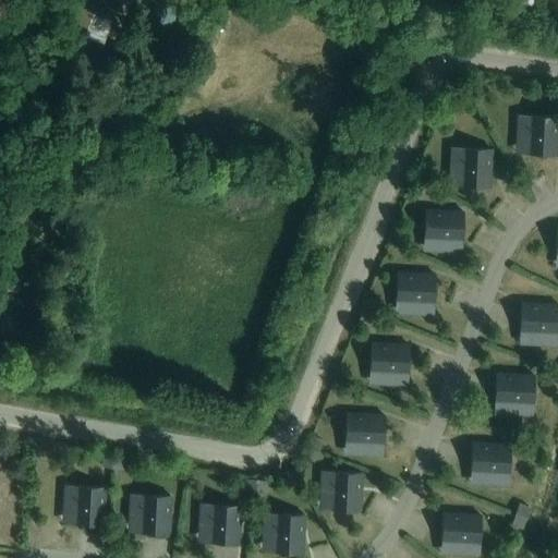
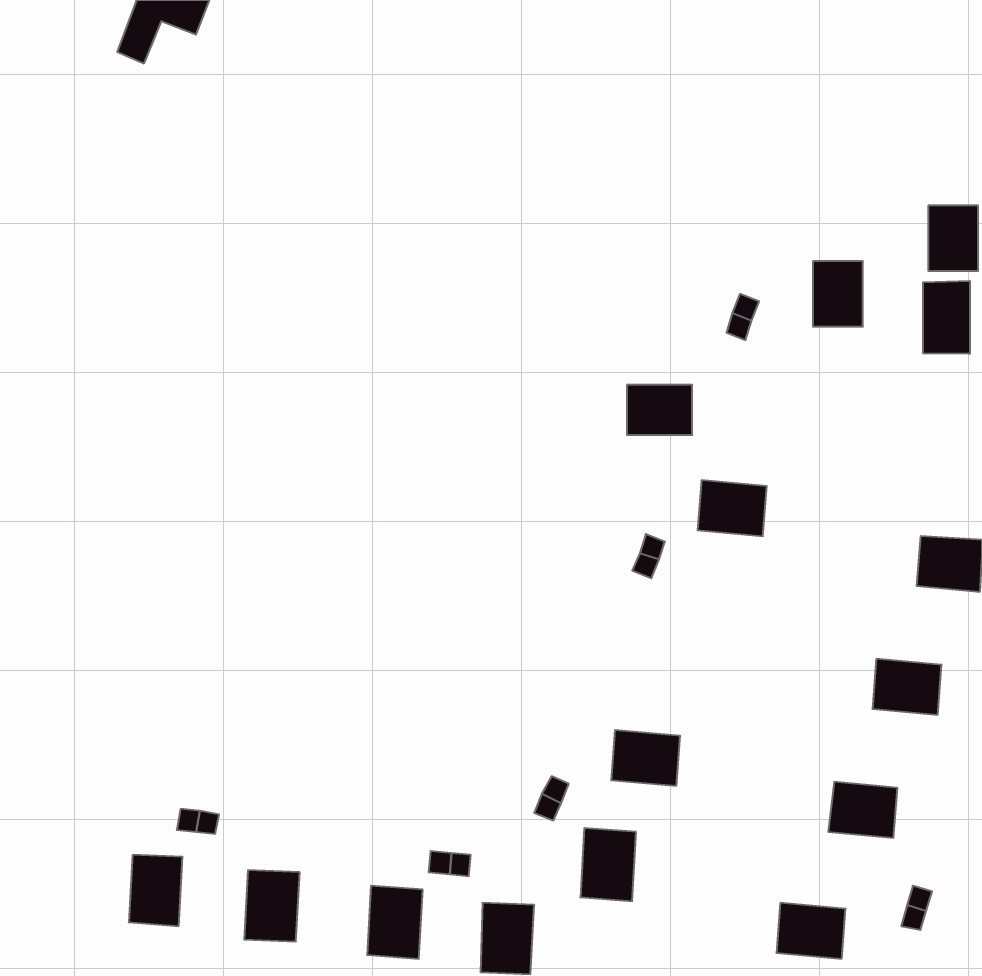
building: none -> [923,281,970,354]
building: [425,215,462,243] -> [627,385,692,435]
building: [369,348,409,378] -> none

